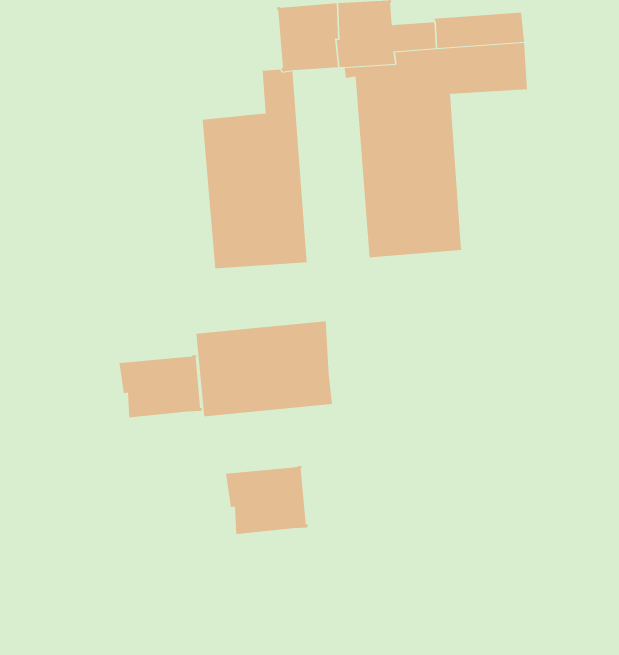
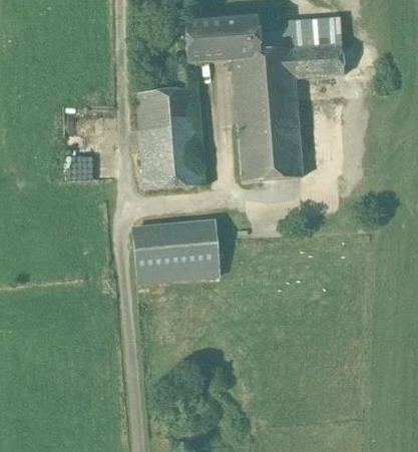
building: [119,355,203,418] -> none
building: [226,465,308,535] -> none

